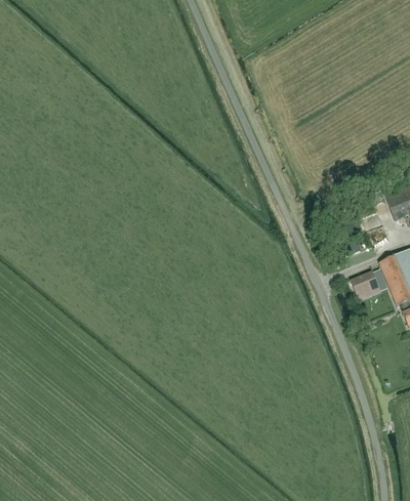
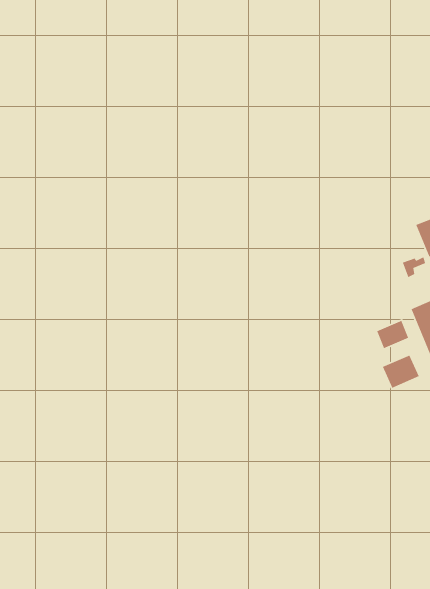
building: none -> [382,354,420,389]

